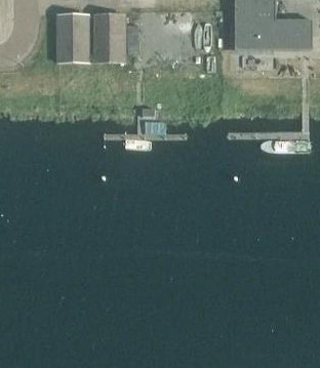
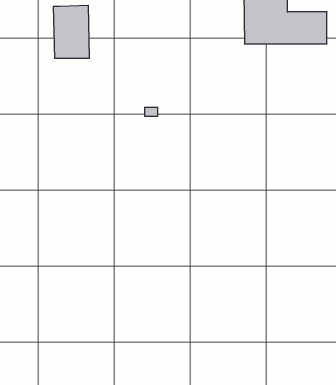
building: [92,12,125,62] -> none

